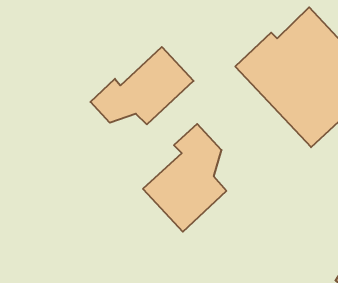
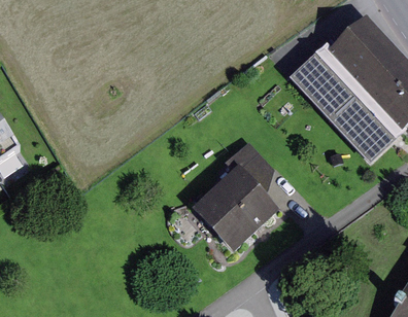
building: [90,47,194,124] -> none

